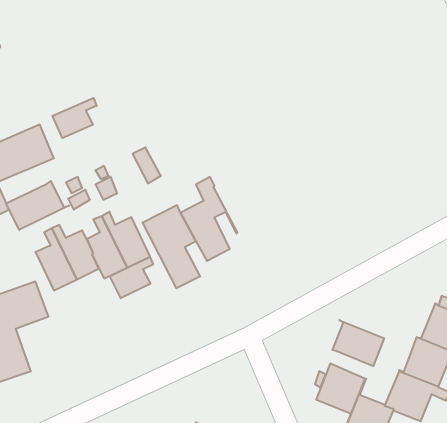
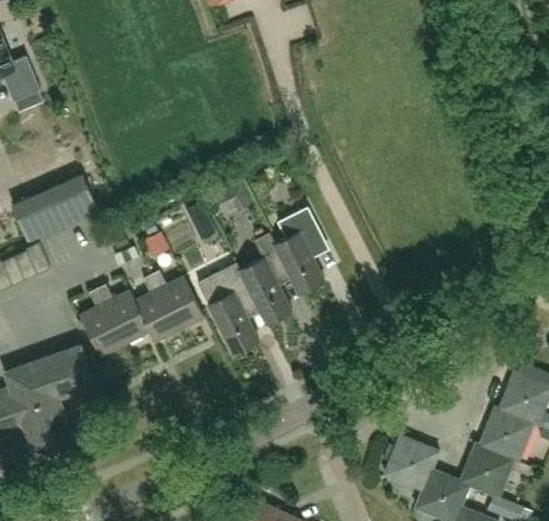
building: [52,98,97,138] -> none
building: none -> [273,205,324,292]
building: [6,181,69,230] -> none
building: [110,257,153,298] -> none
building: [332,320,384,366] -> none

